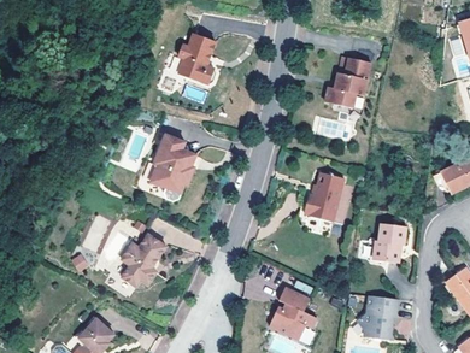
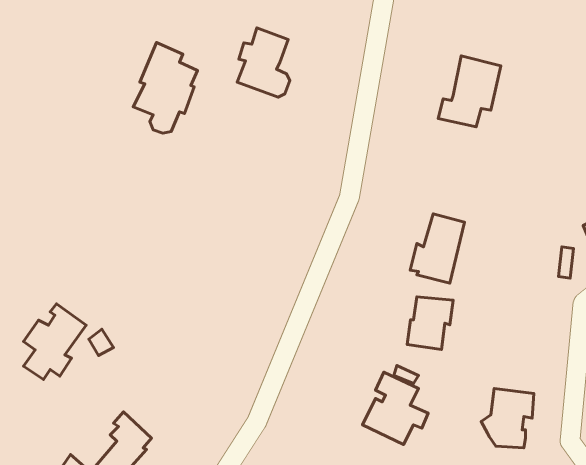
building: [149,139,196,205] -> [133,43,198,133]
building: [370,225,404,264] -> [407,297,453,349]
building: [123,229,169,284] -> [24,304,86,380]

